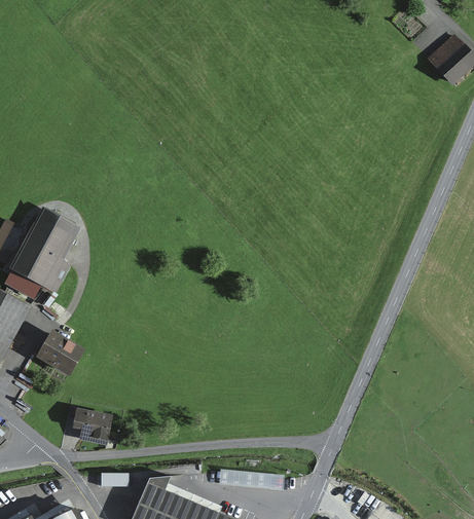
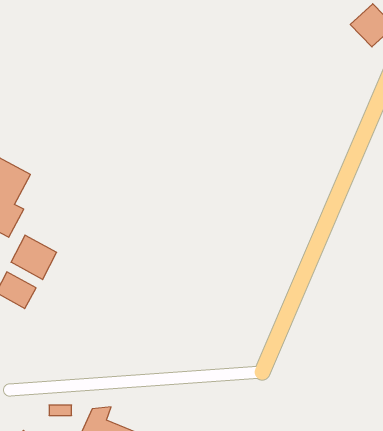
building: none -> [11,235,57,280]
building: [73,407,111,442] -> none

